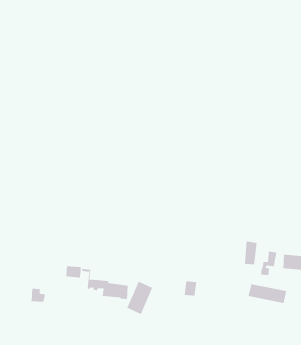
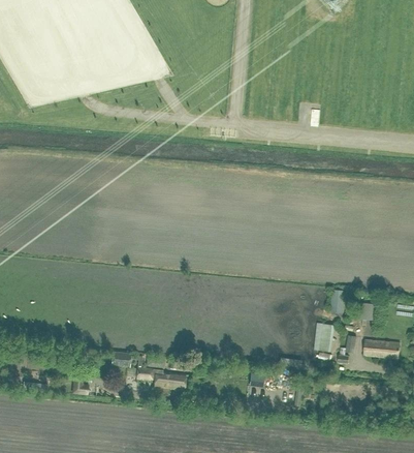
building: [127,281,153,315] -> none
building: [248,283,287,304] -> none

